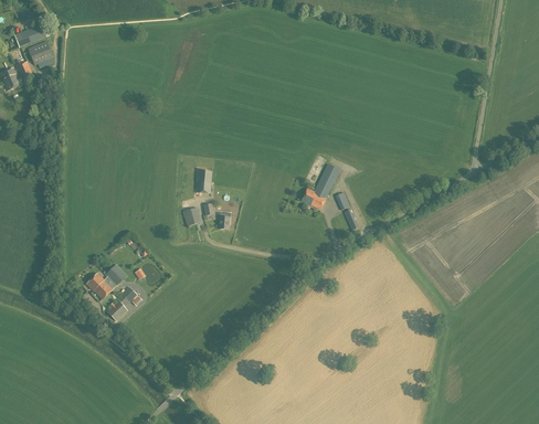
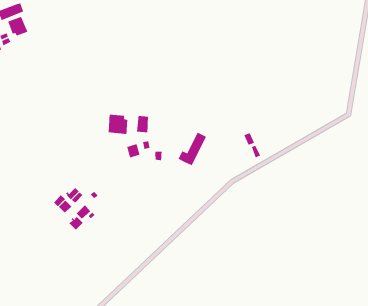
building: [300,162,339,208] -> [178,131,207,166]
building: none -> [108,114,128,135]

